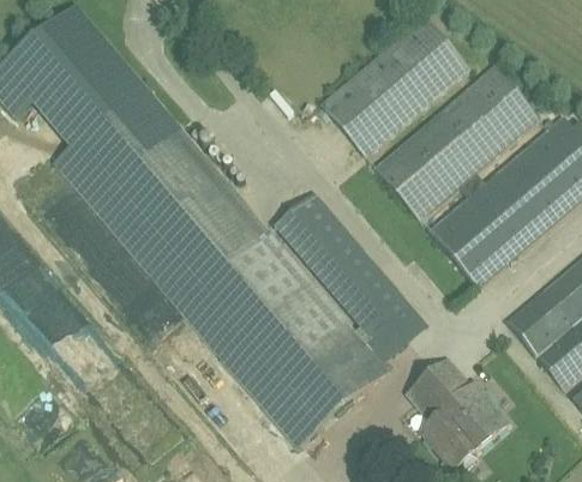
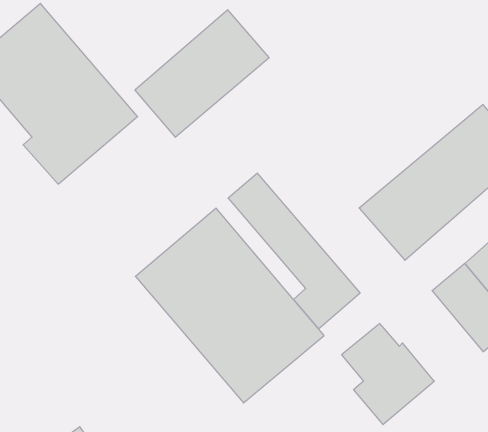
building: [320,16,468,156] -> [135,10,269,137]
building: [374,65,539,219] -> none
building: [95,129,269,306] -> none

